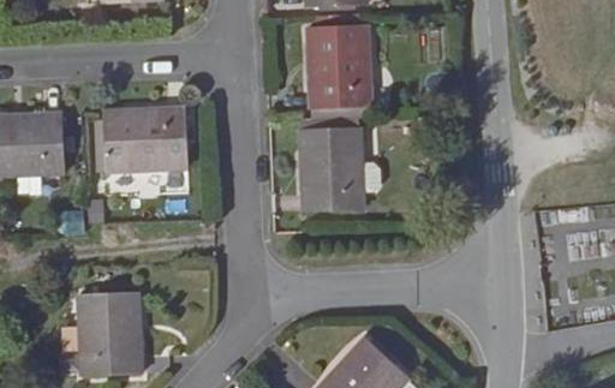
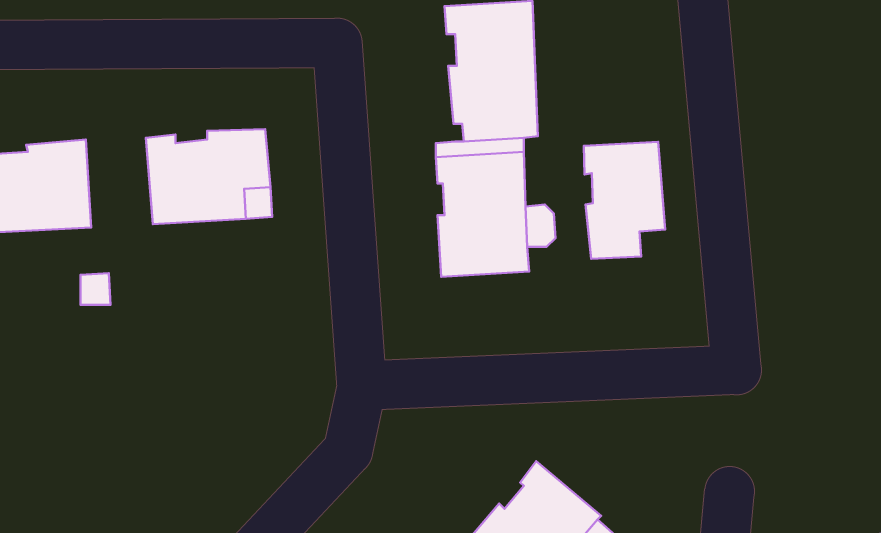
building: none -> [584,142,665,259]
building: [80,293,144,377] -> none

